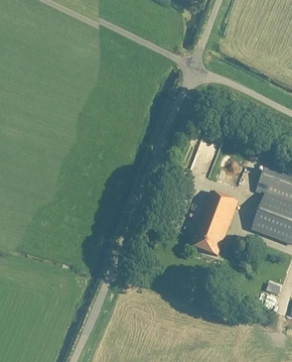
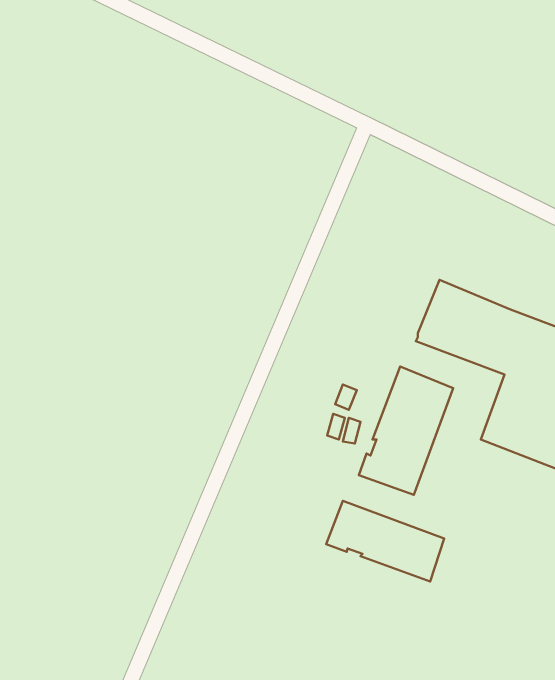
building: none -> [326,501,444,582]

